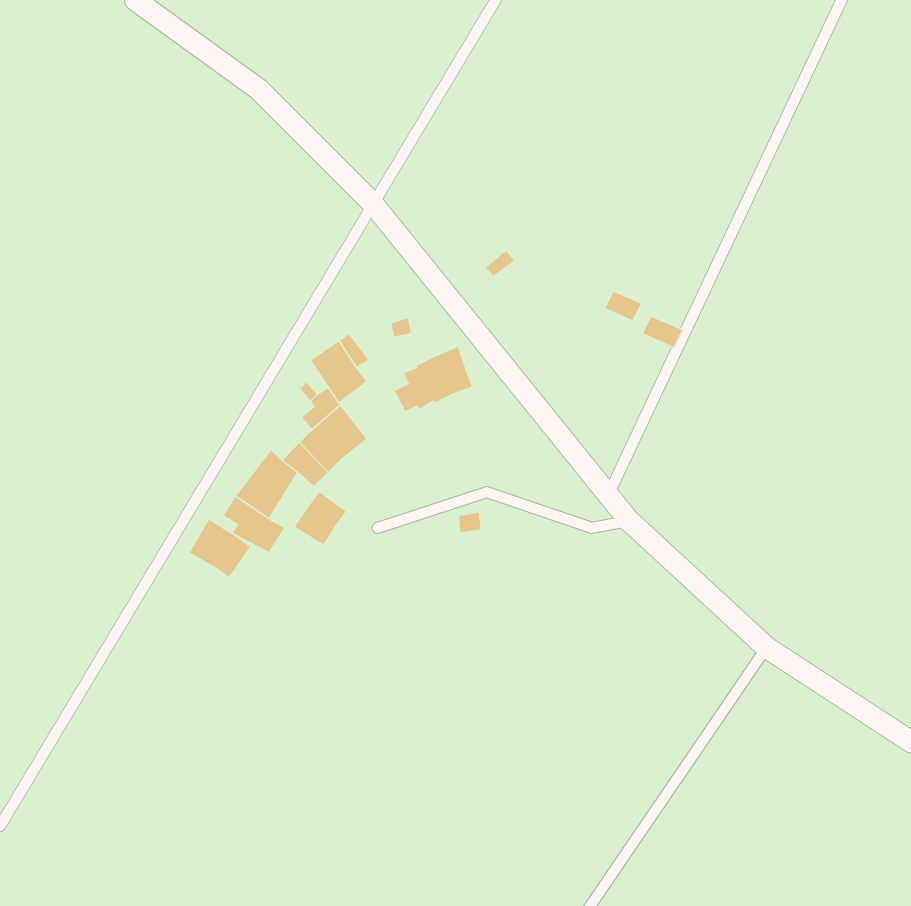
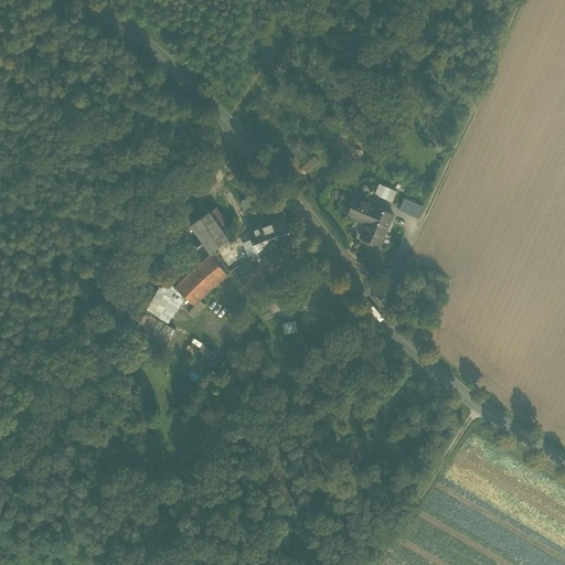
building: none -> [347,198,393,245]
building: [294,491,347,545] -> none
building: [189,518,251,578] -> none

